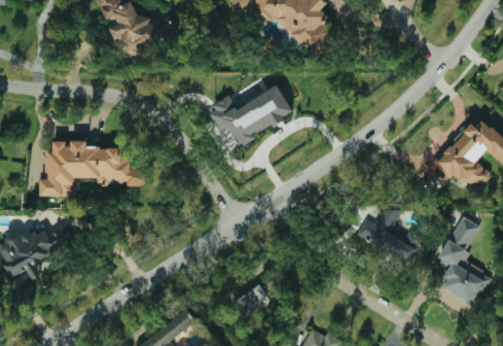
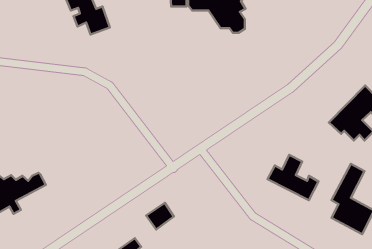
building: [210,82,293,146] -> none
building: [39,140,142,196] -> none
building: [235,283,270,317] -> [146,203,174,229]

